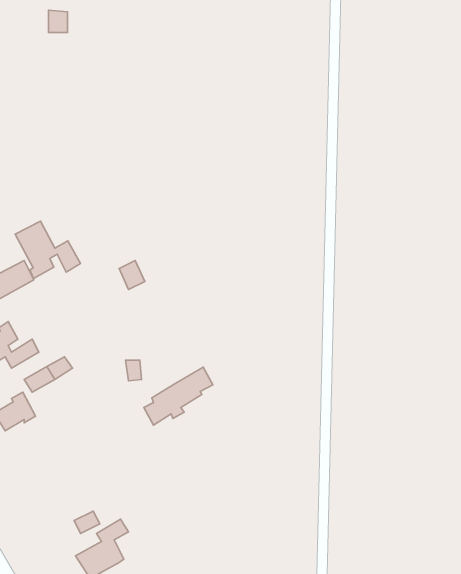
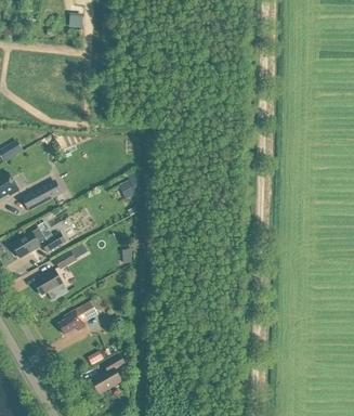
building: [15,221,80,279] -> none
building: [144,367,213,425] -> [57,296,104,335]

